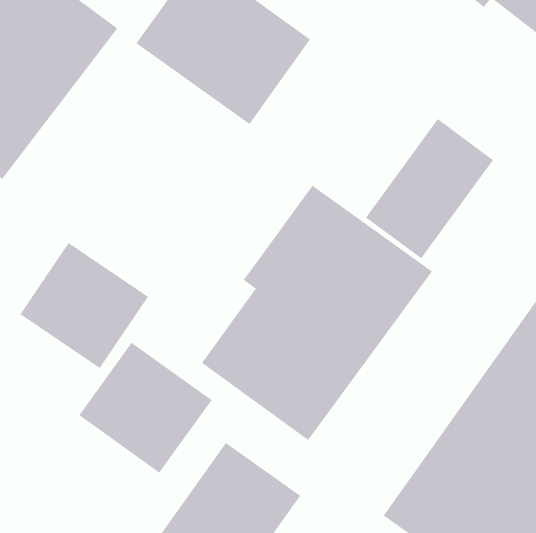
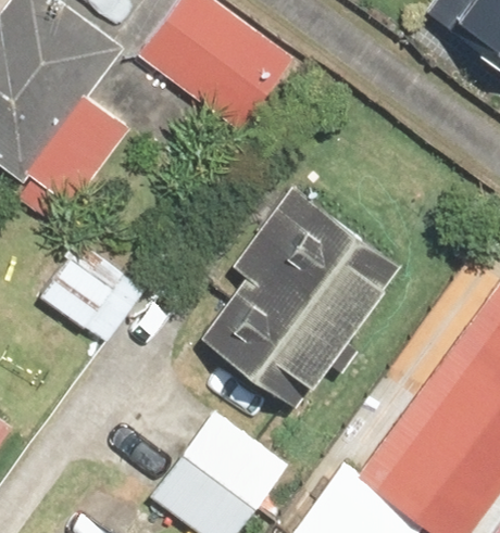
building: [365,118,494,259] -> none
building: [79,342,212,473] -> none

